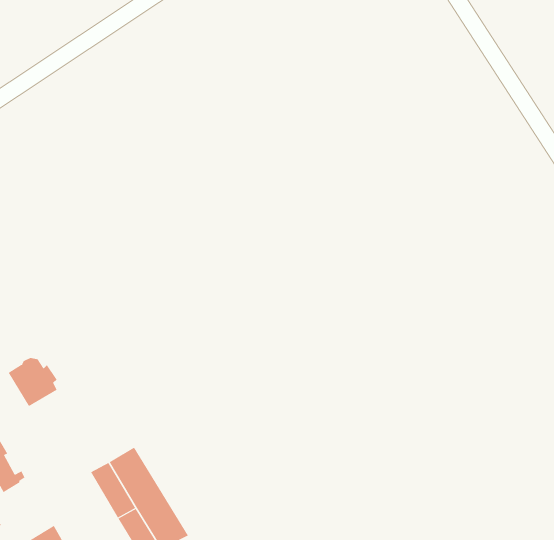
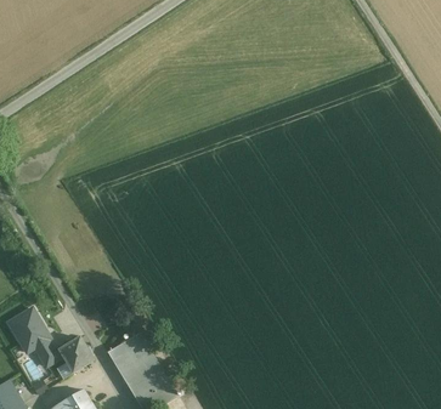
building: [8,357,57,407] -> [58,339,94,374]

